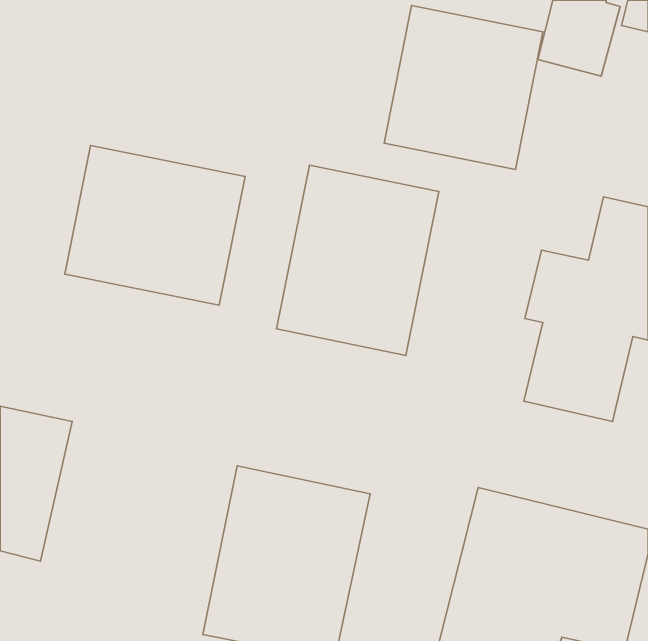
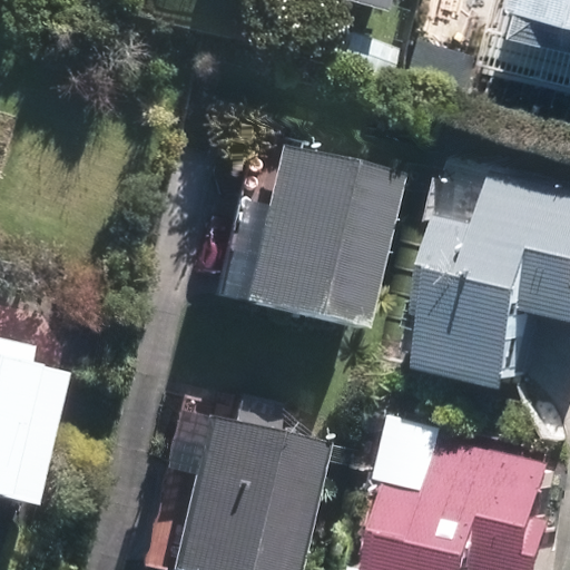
building: [384,5,543,170] -> none
building: [65,146,245,305] -> none

